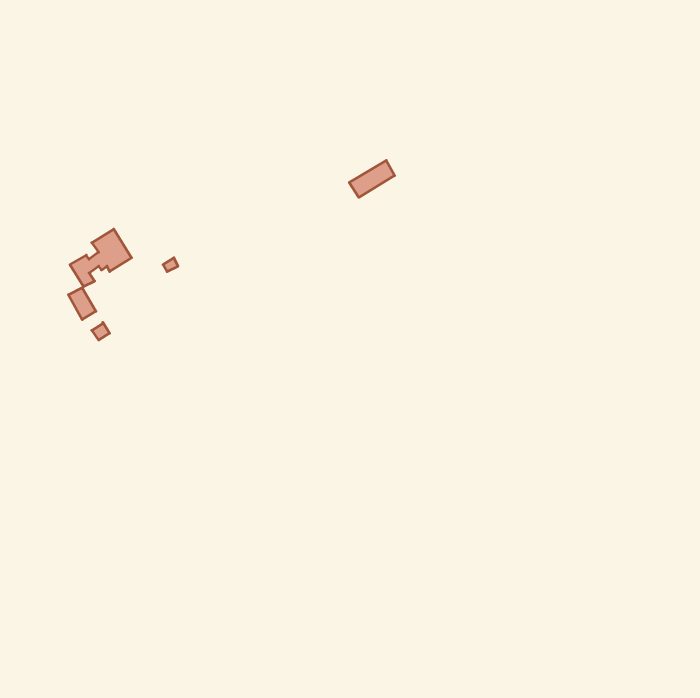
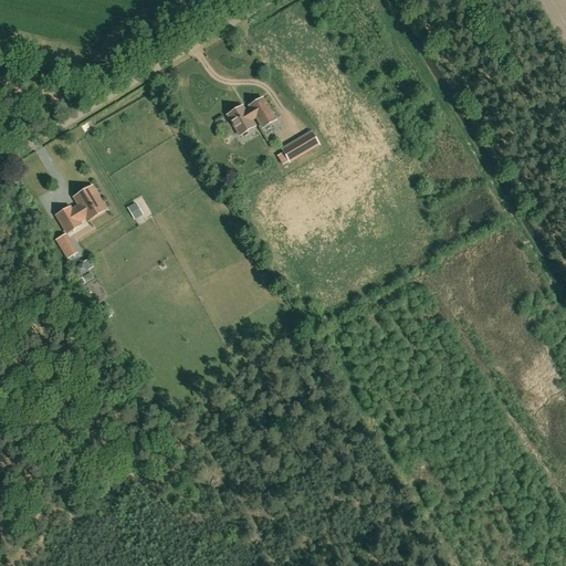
building: none -> [228,96,275,133]

